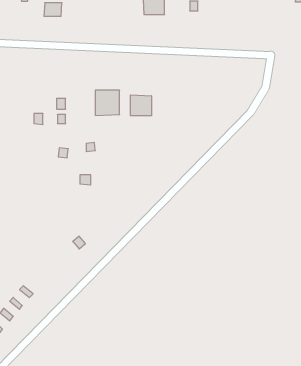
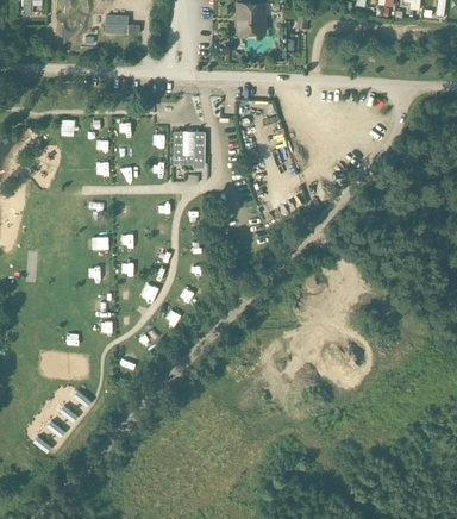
building: [131,95,151,116] -> none

